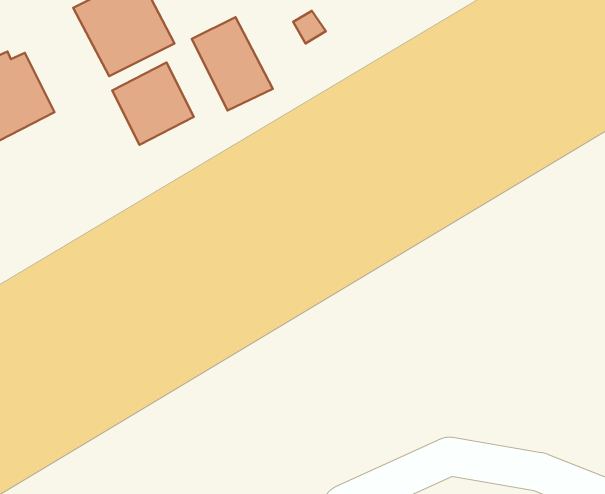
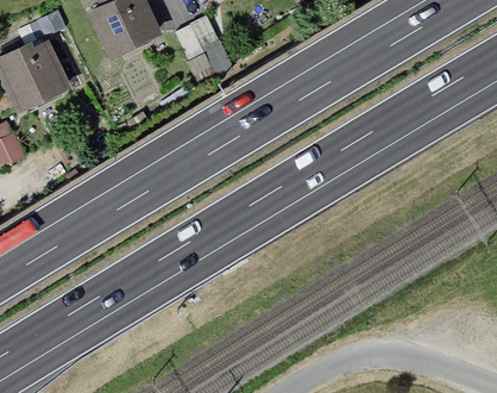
building: [112,62,194,145] -> none

